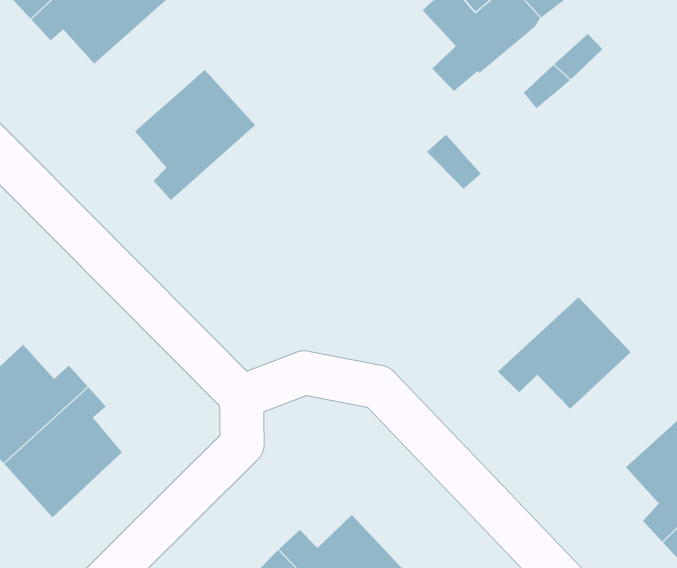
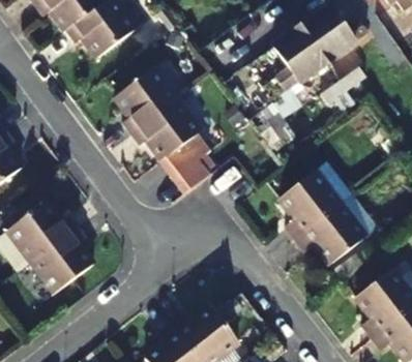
building: none -> [129,100,213,194]
building: none -> [277,174,339,242]

